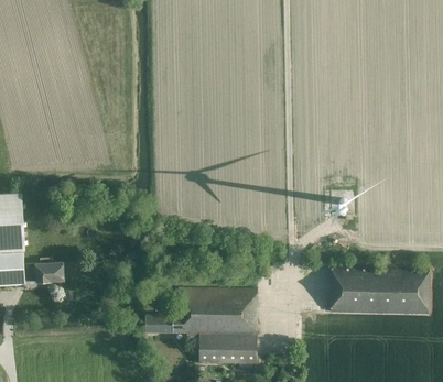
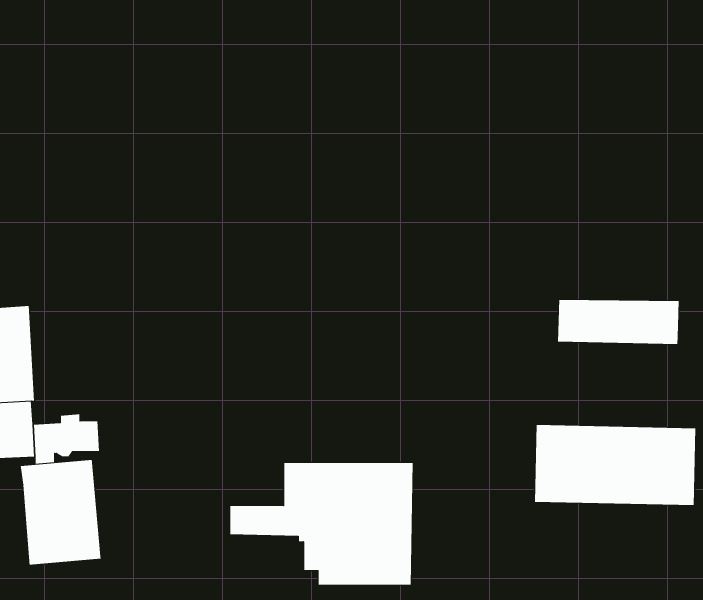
building: none -> [558,299,679,345]
building: none -> [20,459,101,566]

